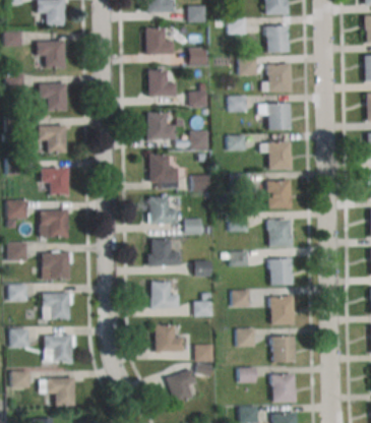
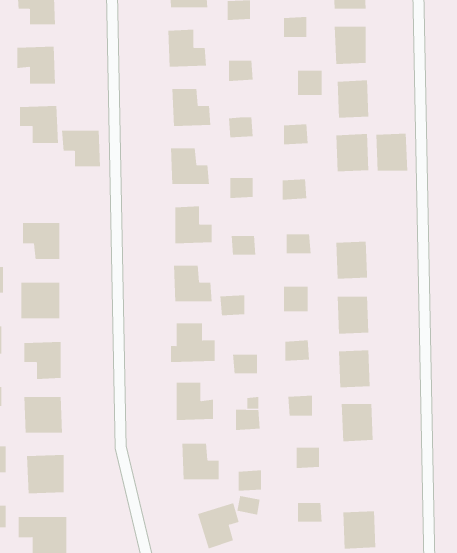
building: [38,125,66,152] -> [61,130,101,167]
building: [267,141,291,169] -> [376,133,408,171]
building: [271,336,295,363] -> none

